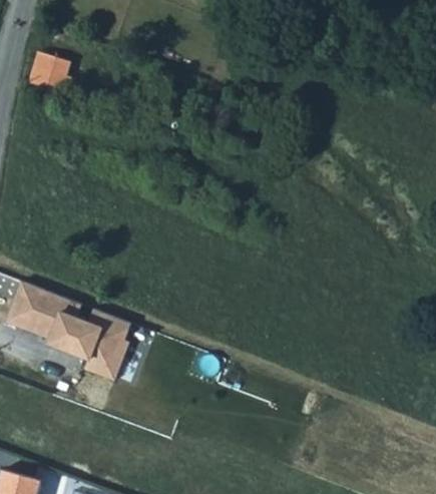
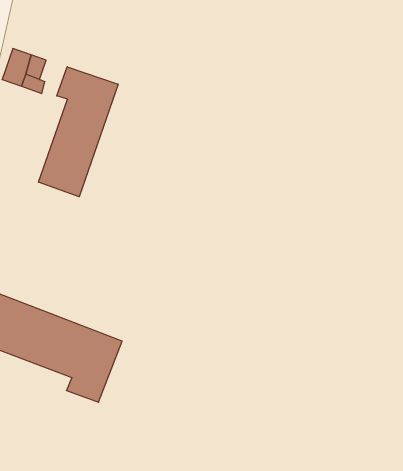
building: none -> [39,67,118,197]

